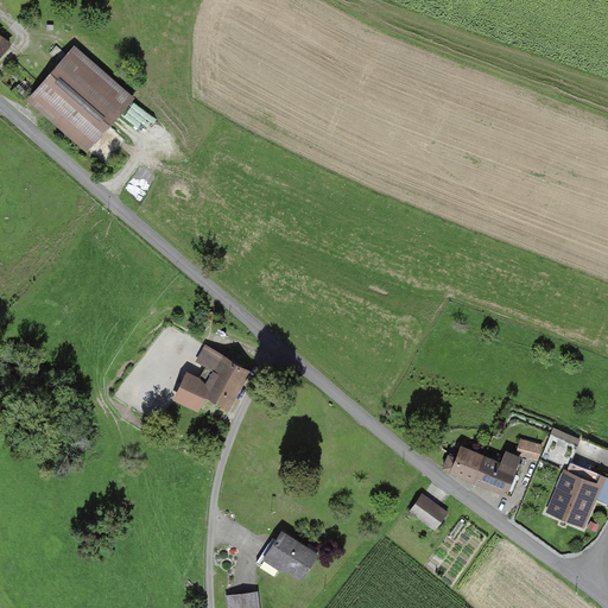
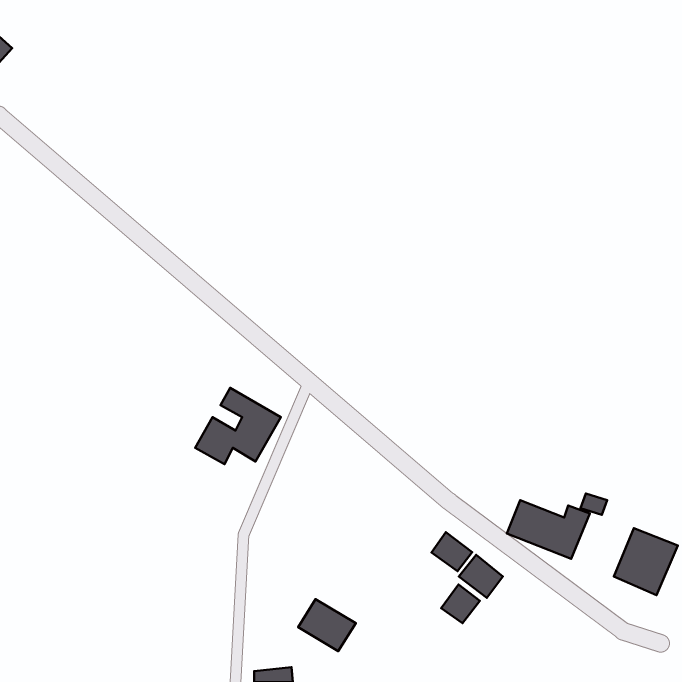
building: [30,49,129,148] -> none
building: none -> [431,532,472,571]
building: none -> [441,584,480,623]

